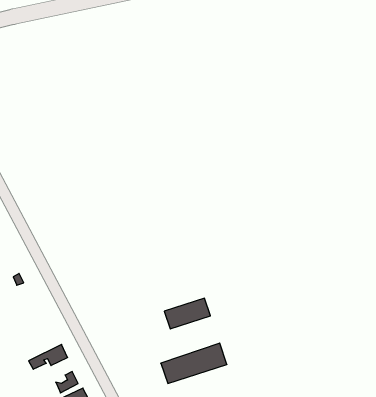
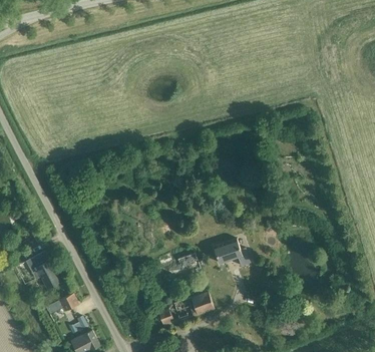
building: none -> [215,240,250,267]
building: none -> [25,251,61,288]

